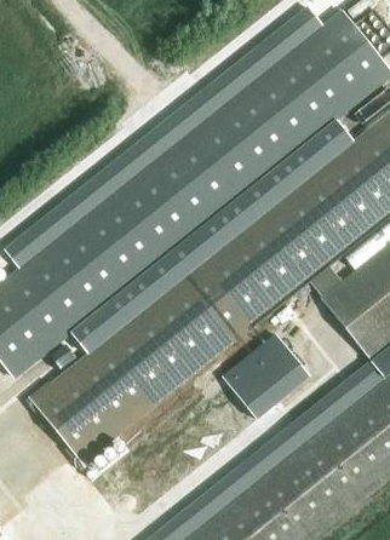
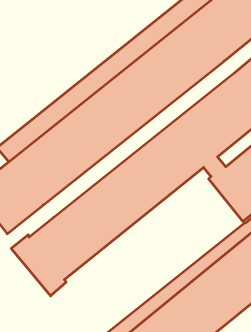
building: [71,122,354,354] -> none
building: [222,333,309,418] -> none

